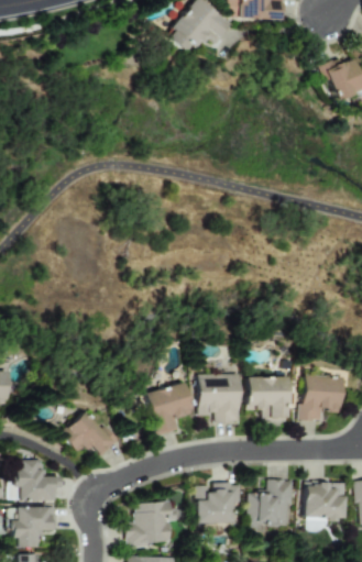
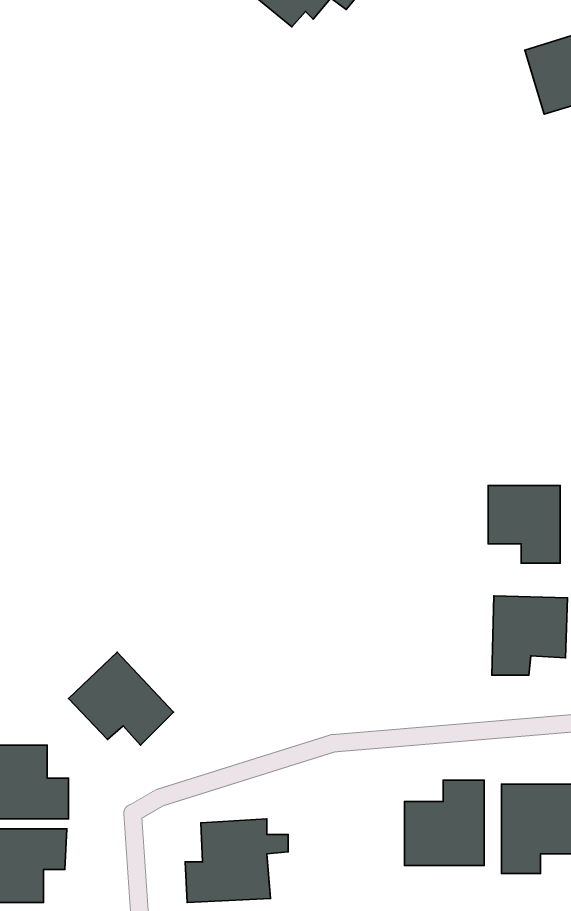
building: [198,374,241,423] -> none
building: [246,376,287,420] -> [488,486,560,563]
building: [145,383,191,433] -> none
building: [196,483,241,525] -> none

